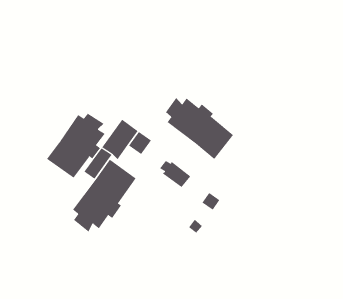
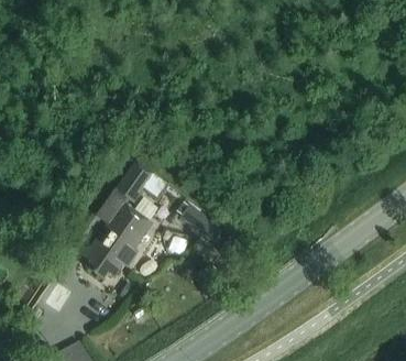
building: [165,97,234,160] -> none
building: [46,113,105,179] -> none

